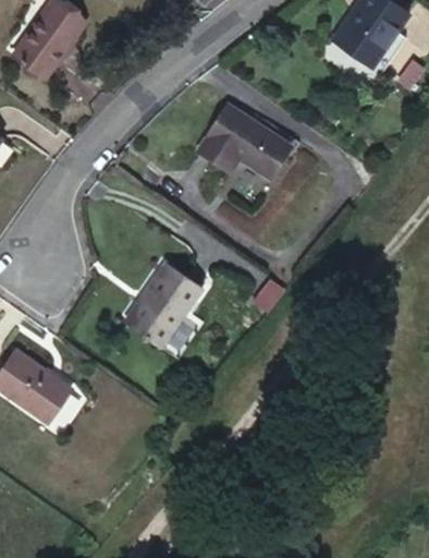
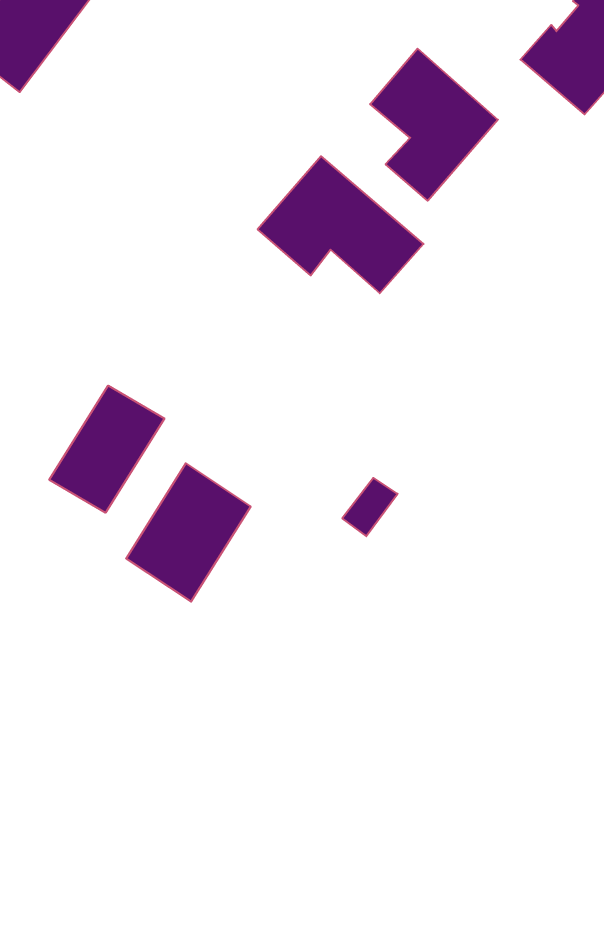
building: none -> [370,49,498,201]
building: none -> [49,386,164,513]

